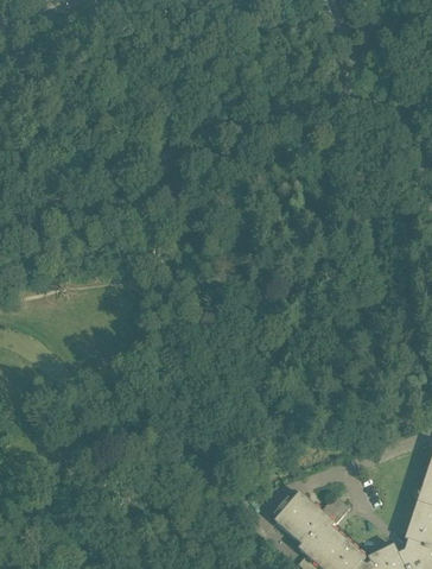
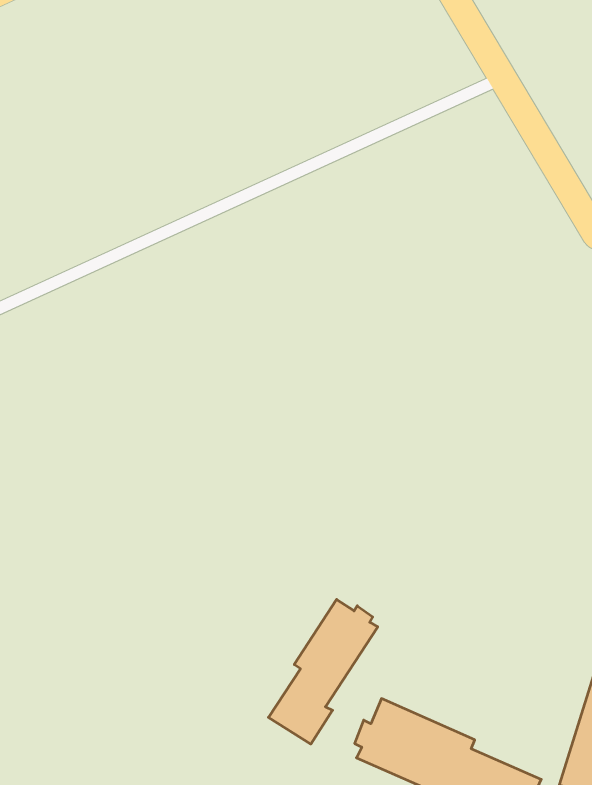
building: none -> [268,599,378,744]

